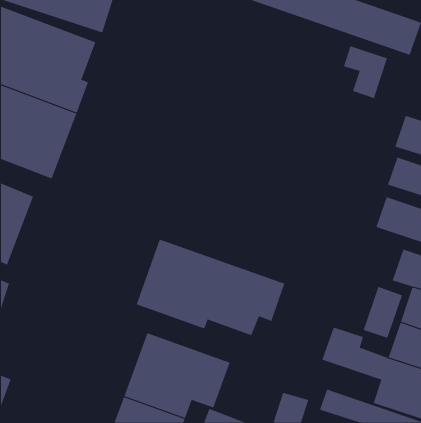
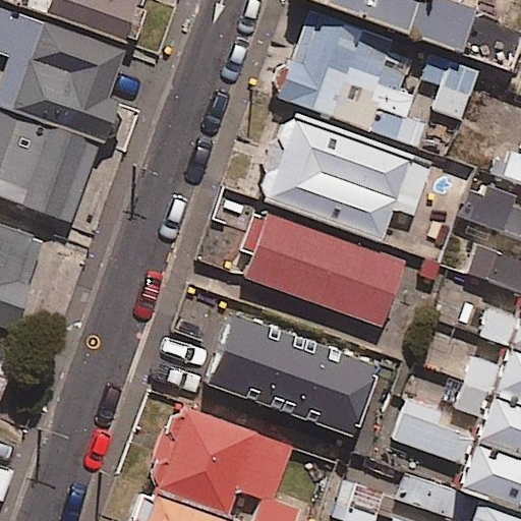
building: none -> [273,12,422,143]
building: none -> [264,117,428,240]
building: none -> [235,210,402,324]

